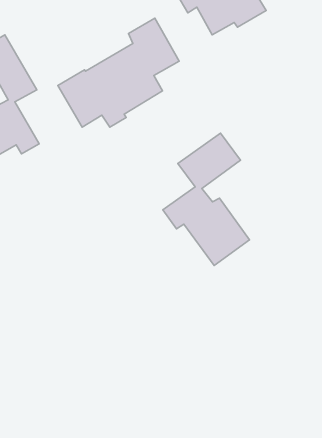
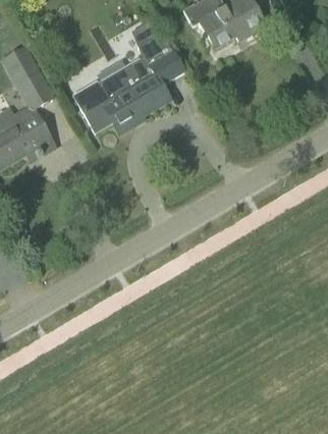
building: [163,133,250,266] -> none

